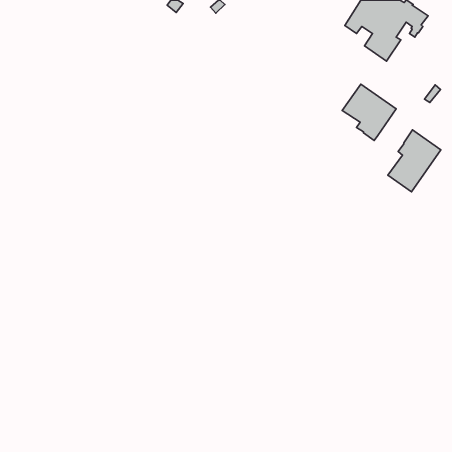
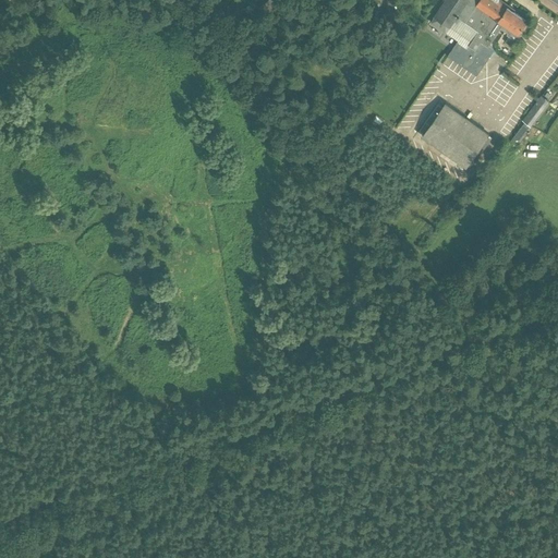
building: [388,130,441,192] -> none

